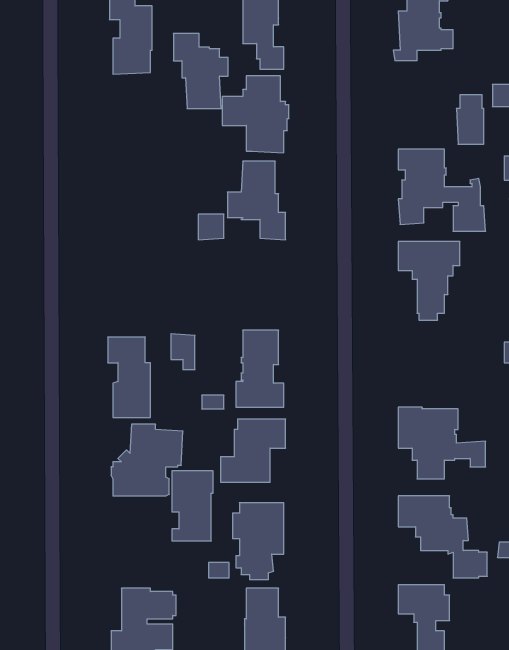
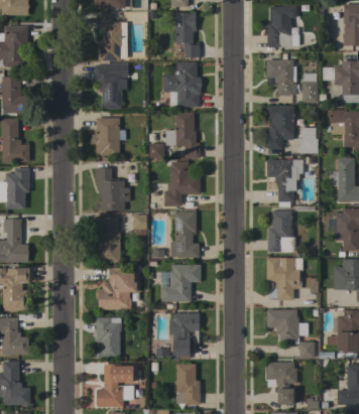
building: [173,33,228,109] -> [95,64,127,109]
building: none -> [266,54,296,95]
building: none -> [92,117,125,155]
building: none -> [164,161,201,205]
building: none -> [96,167,130,211]
building: none -> [268,210,307,252]
building: [172,471,213,541] -> [97,317,121,359]

